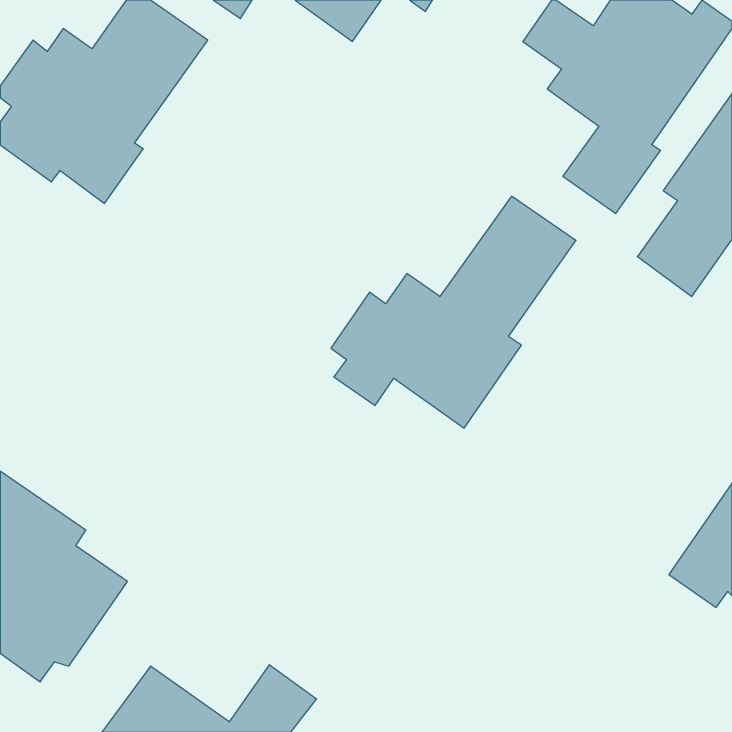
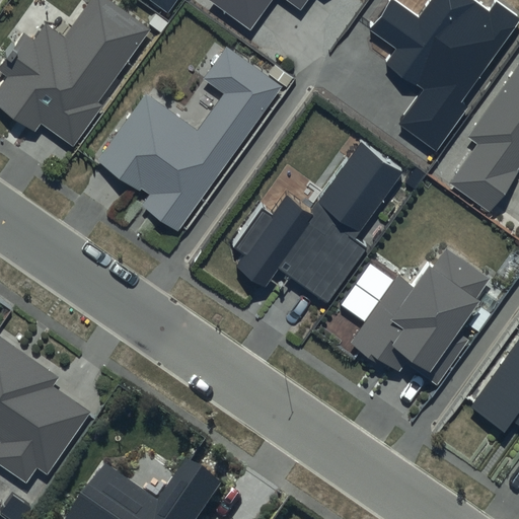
building: none -> [94,43,285,227]
building: none -> [348,245,492,387]

